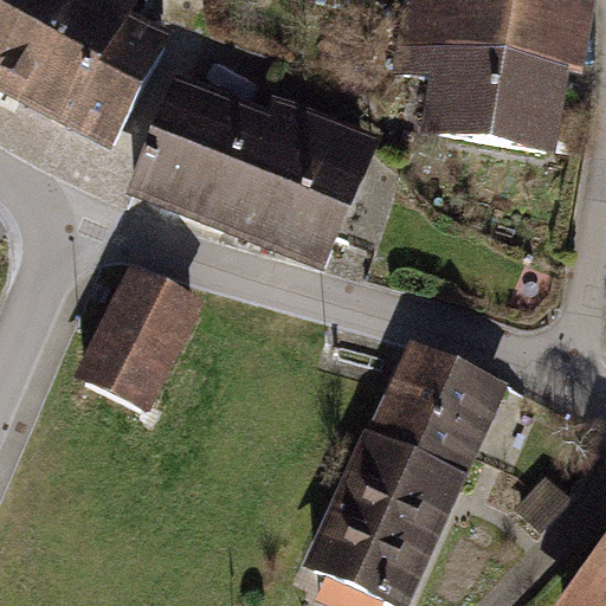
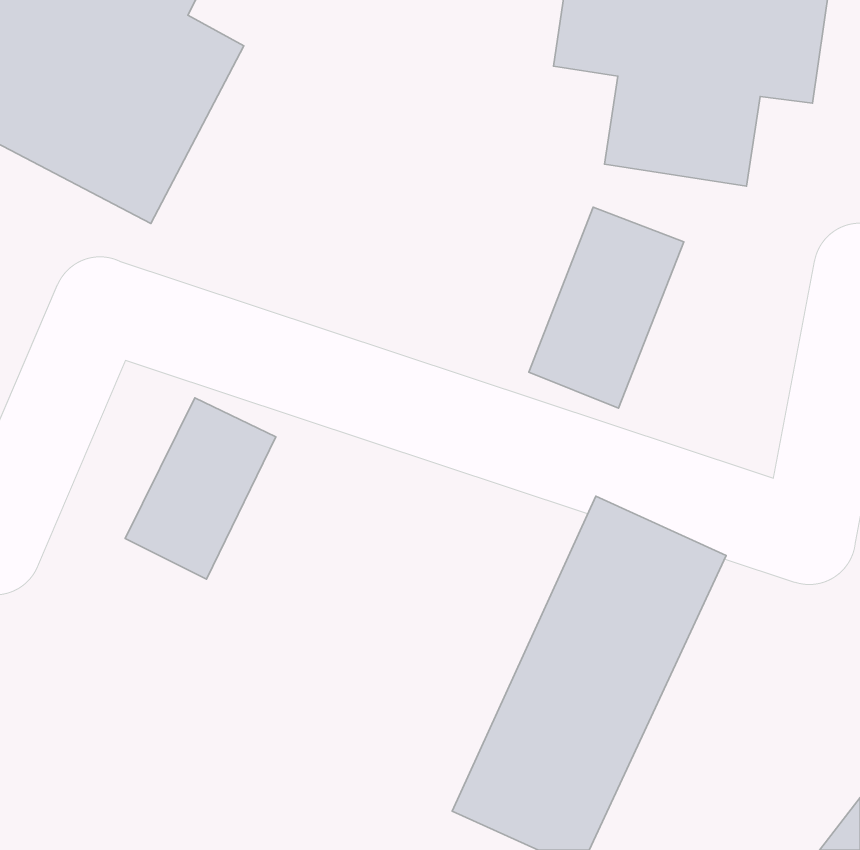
building: [138,89,367,258] -> none
building: none -> [529,207,684,408]

